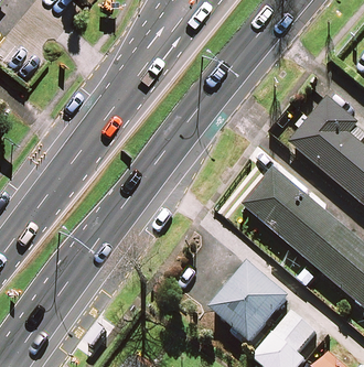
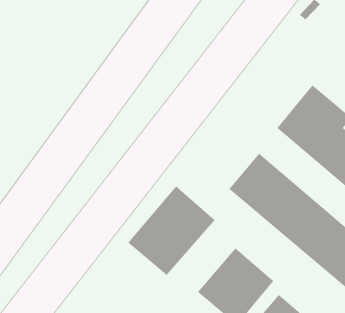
building: none -> [127,185,216,276]

